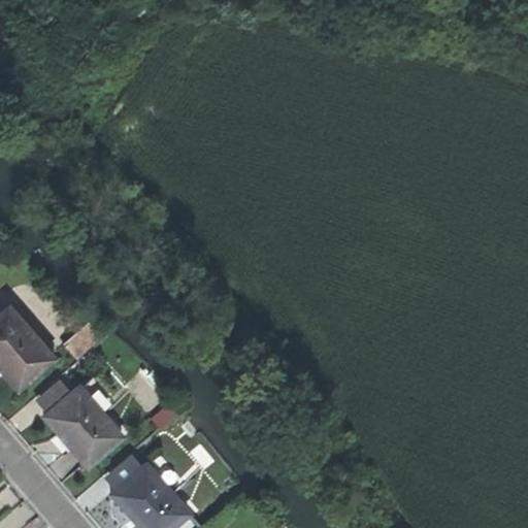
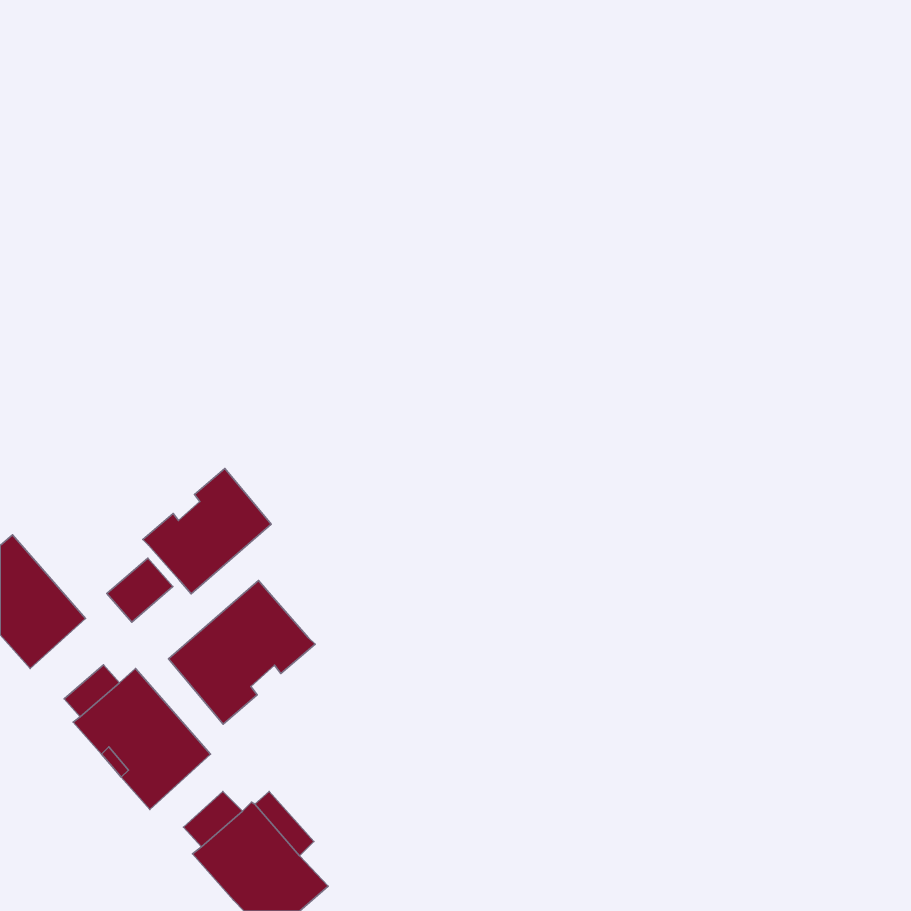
building: none -> [143,468,271,594]
building: none -> [169,581,315,724]

